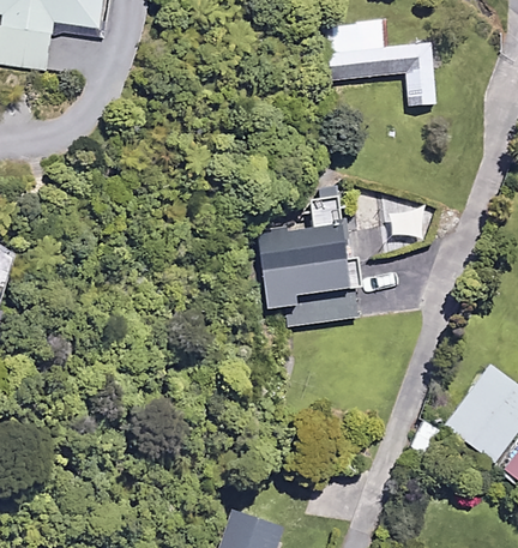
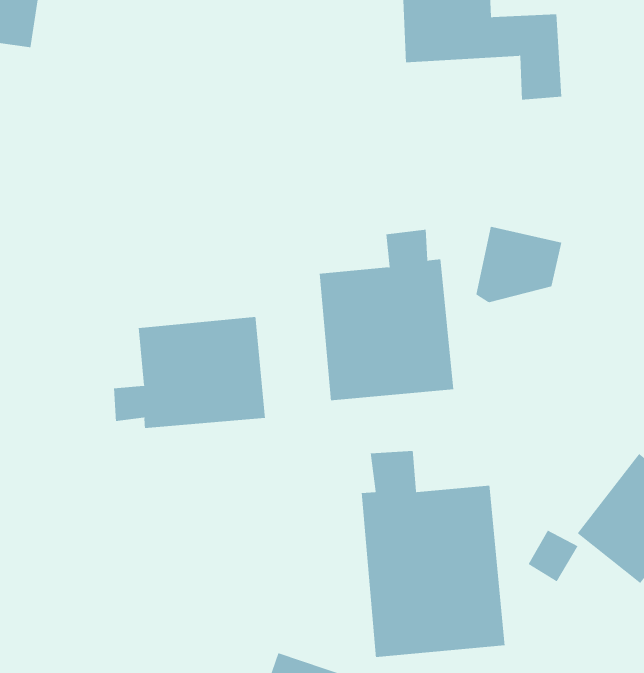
building: none -> [113,316,265,429]
building: none -> [361,450,505,658]

